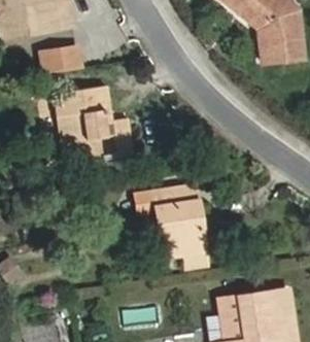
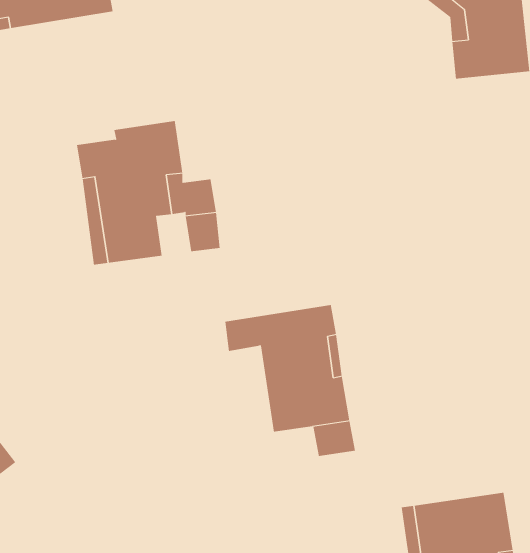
building: [40,46,81,73] -> none

